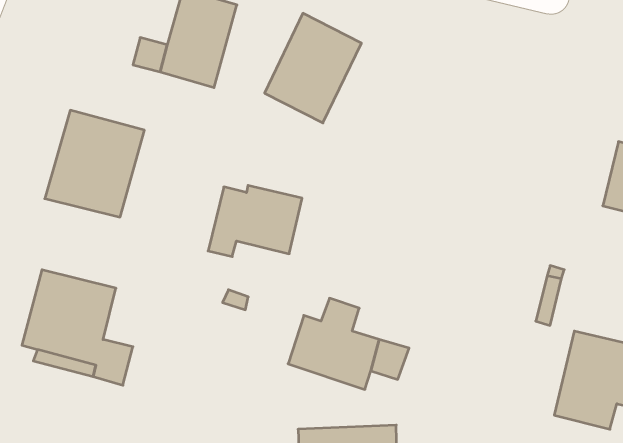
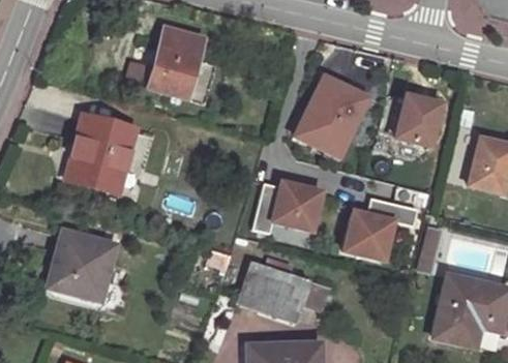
building: [265,13,361,123] -> [297,75,367,155]
building: none -> [399,96,443,145]
building: [208,185,302,257] -> [253,182,322,234]
building: none -> [347,198,420,260]

